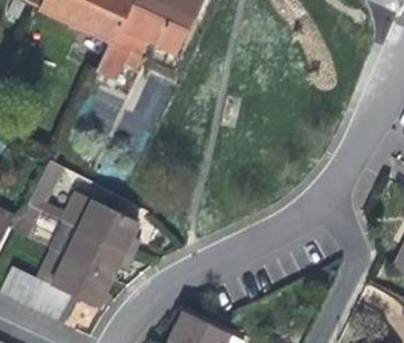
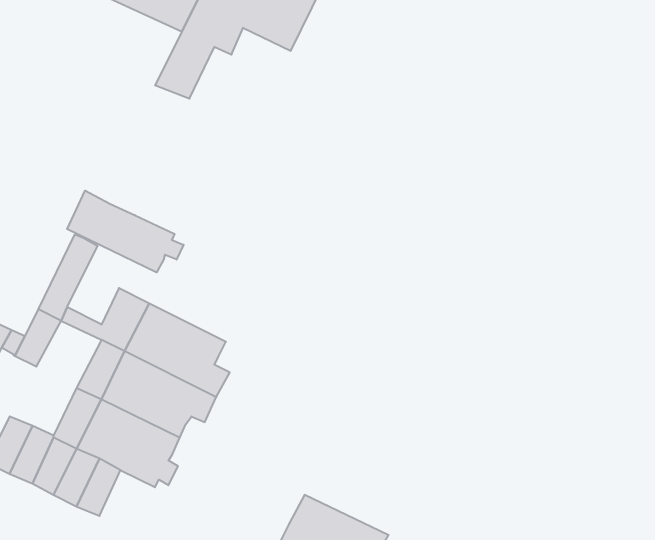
building: none -> [67,191,184,272]

